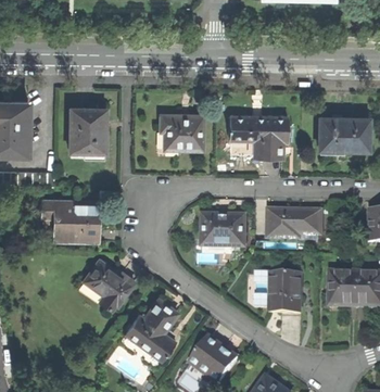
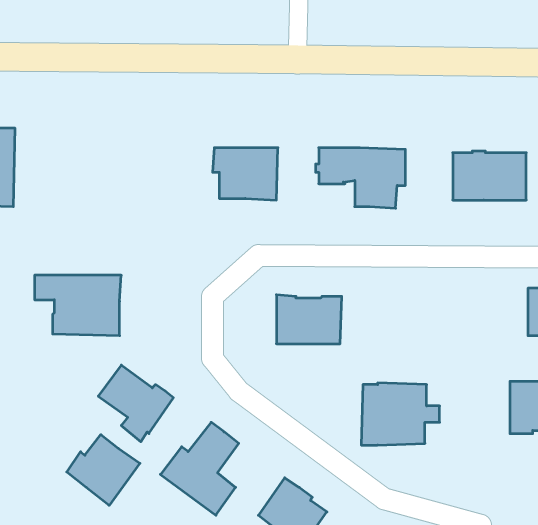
building: [69,110,106,153] -> none
building: [269,210,322,238] -> none
building: [331,271,358,306] -> none
building: none -> [67,435,140,505]

